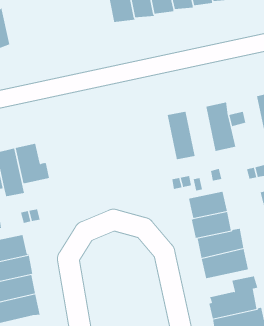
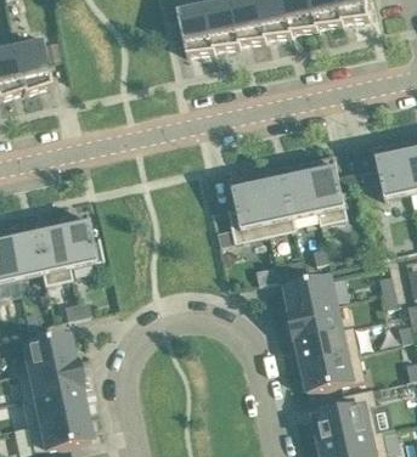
building: none -> [282,165,320,231]
building: none -> [227,176,269,243]

